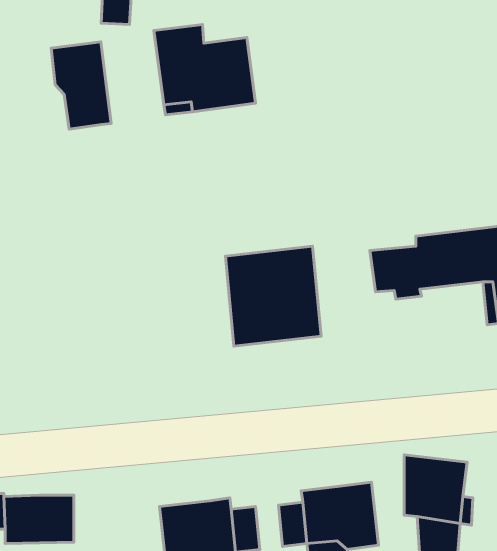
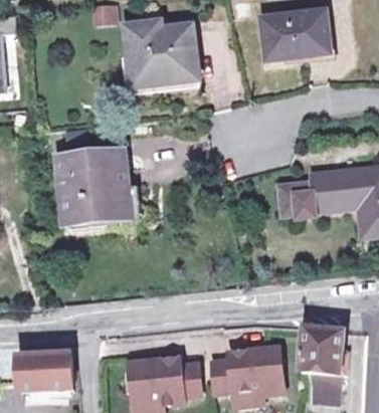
building: none -> [264,13,331,55]
building: [51,42,111,129] -> none
building: [225,246,321,346] -> [62,152,130,222]

